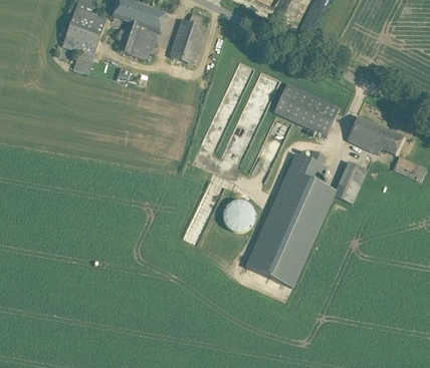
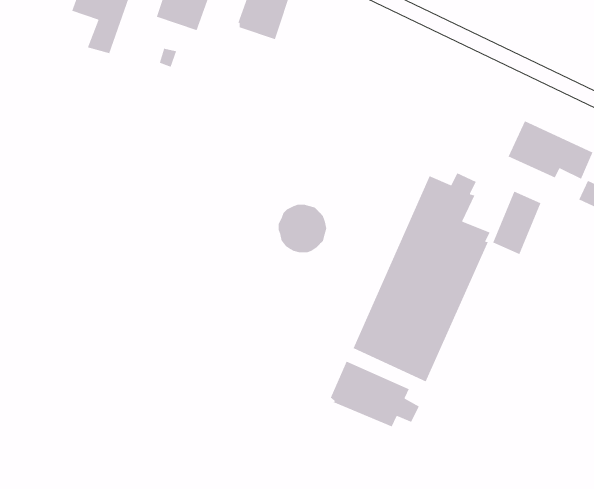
building: [274,83,340,135] -> none
building: [223,200,255,232] -> [278,204,327,253]
building: none -> [330,360,420,428]

